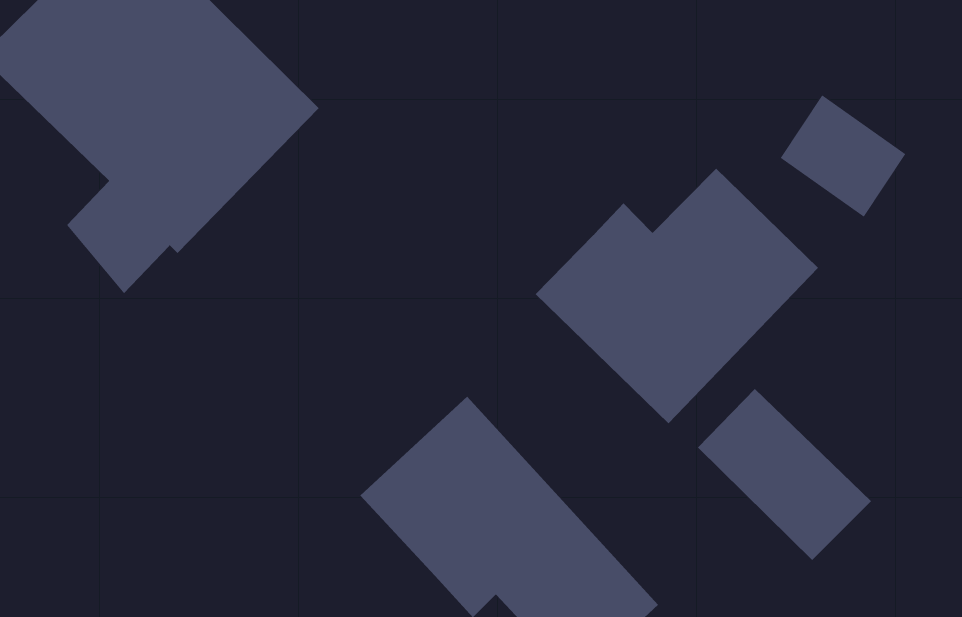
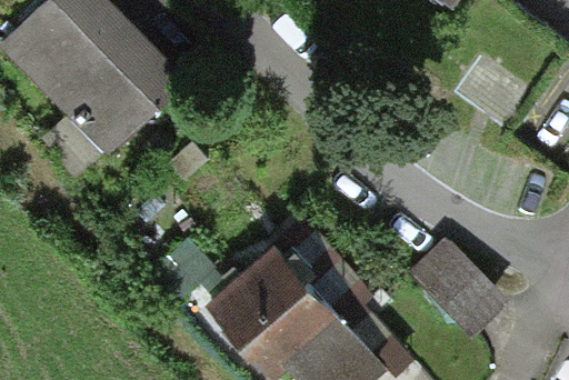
building: [535,168,819,424] -> none

